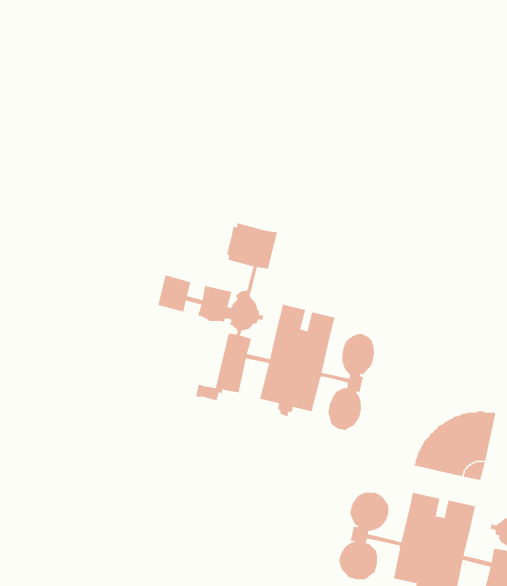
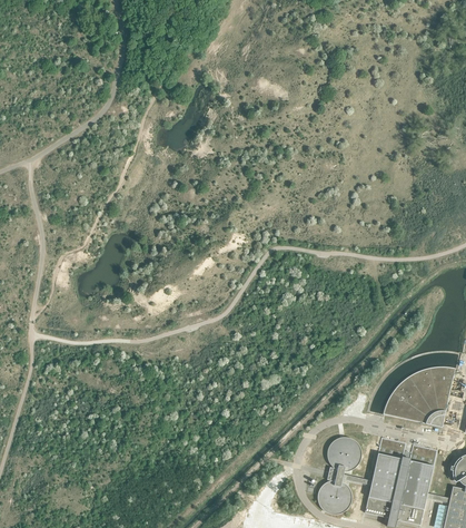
building: [158,222,374,431] -> none

